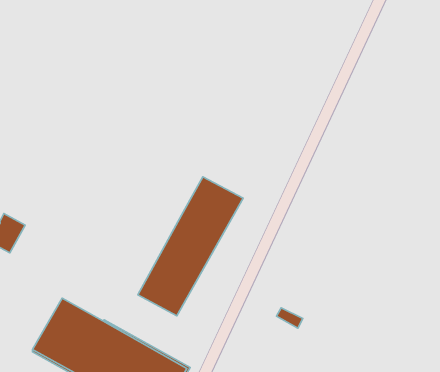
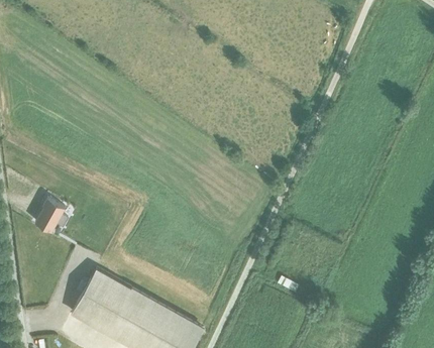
building: [138,177,243,316] -> none

